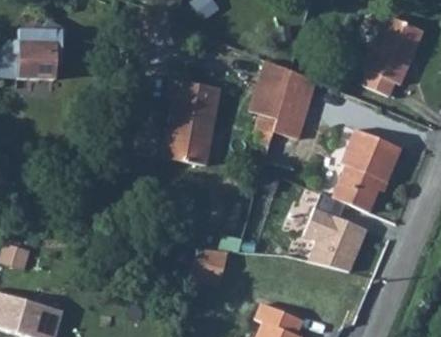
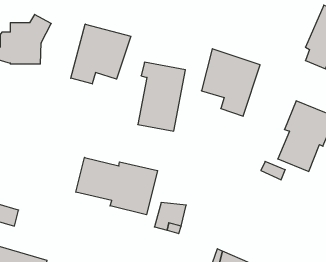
building: none -> [71,24,131,84]
building: none -> [76,157,158,215]
building: [299,212,365,276] -> none

